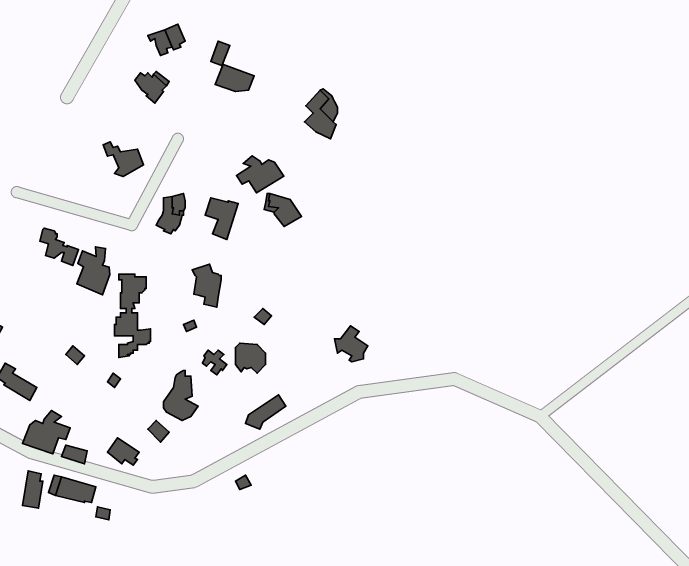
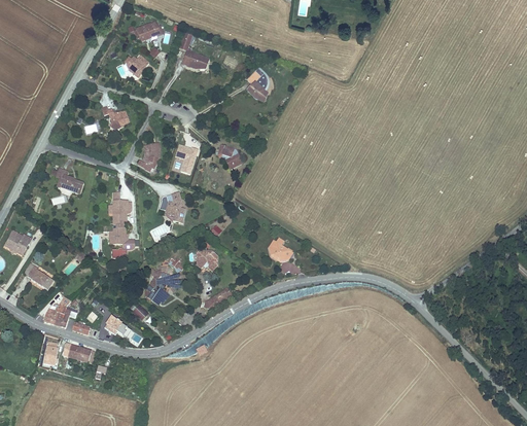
building: [236,156,284,193] -> none
building: [77,247,110,295] -> none

